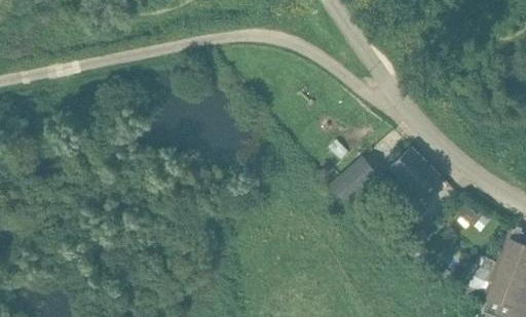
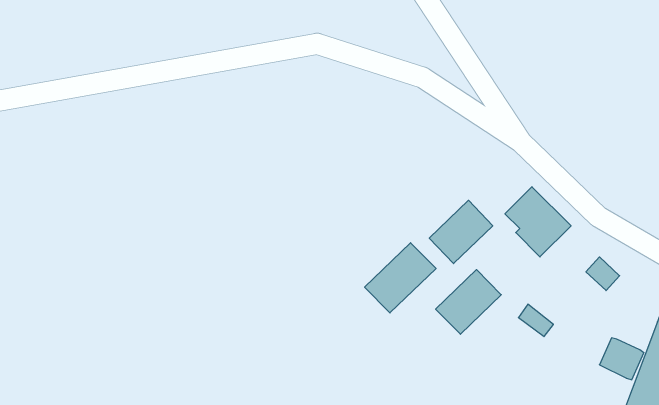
building: none -> [365,243,436,313]
building: none -> [436,270,501,334]

